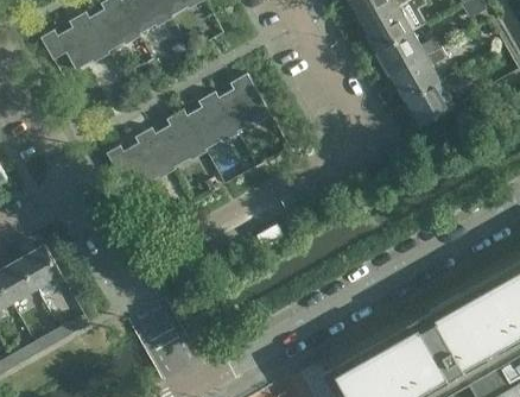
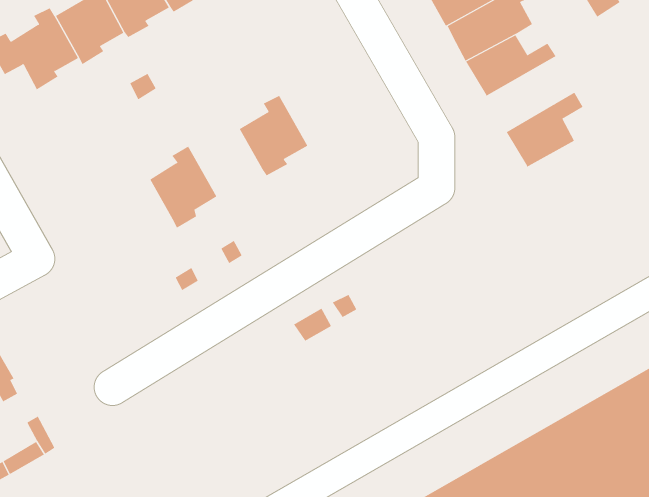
building: [391,48,446,101] -> none
building: [182,93,234,150] -> none
building: [106,128,171,187] -> none

